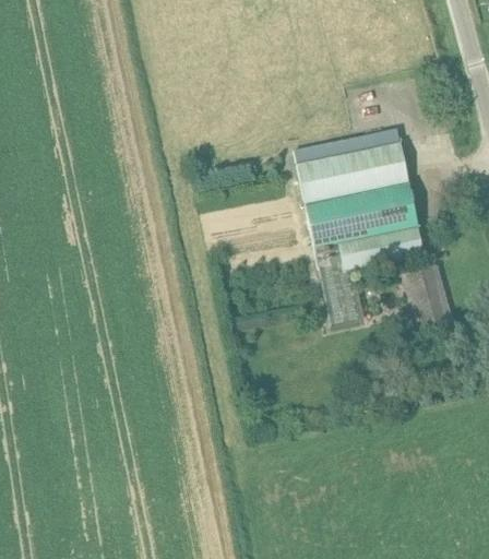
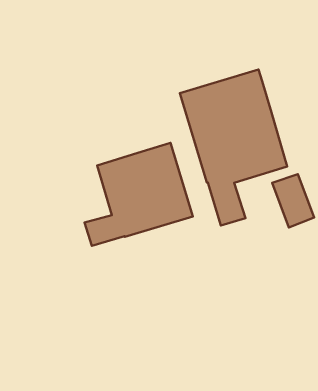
building: none -> [85,143,193,246]

